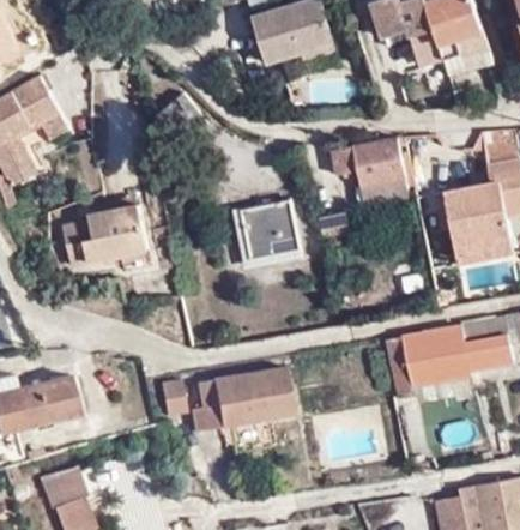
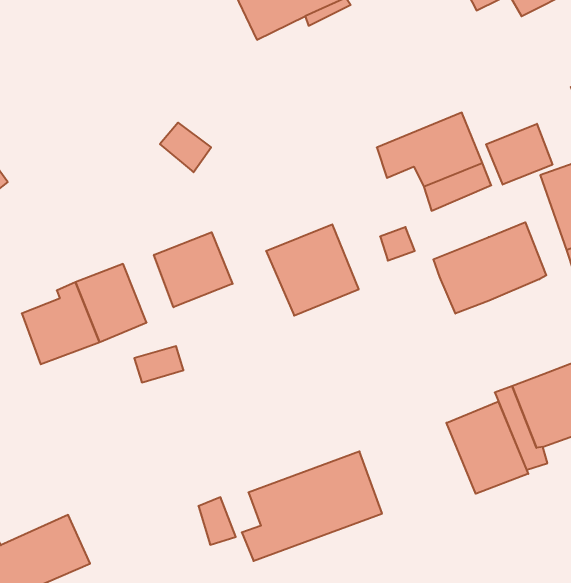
building: none -> [486,124,552,185]
building: none -> [154,232,233,307]
building: none -> [433,222,546,314]
building: none -> [446,401,528,494]

